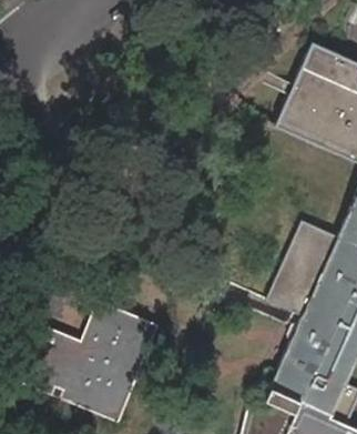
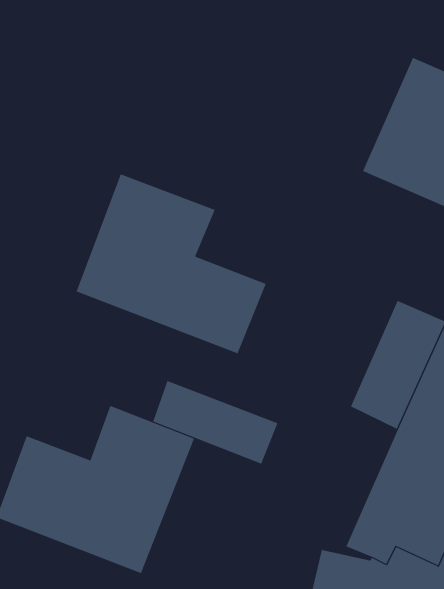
building: none -> [76,173,267,354]
building: none -> [153,380,278,465]

